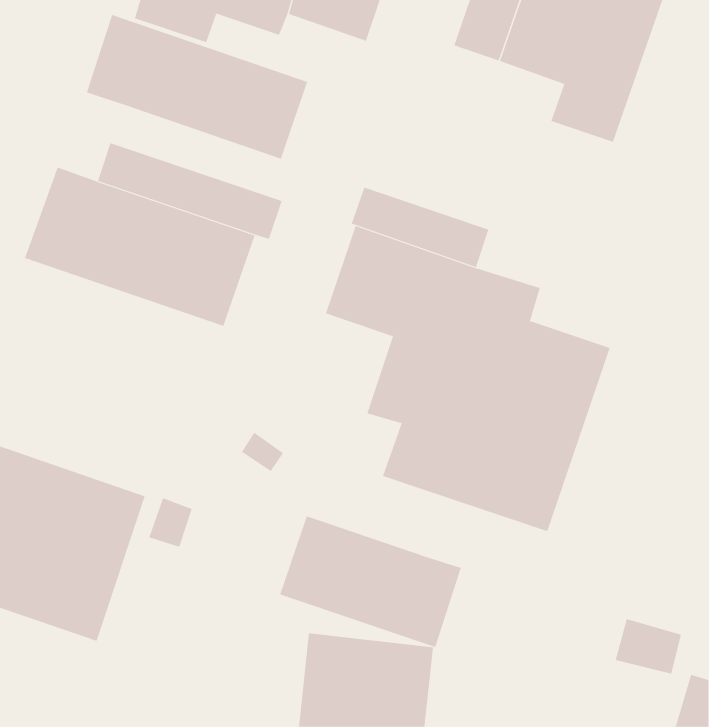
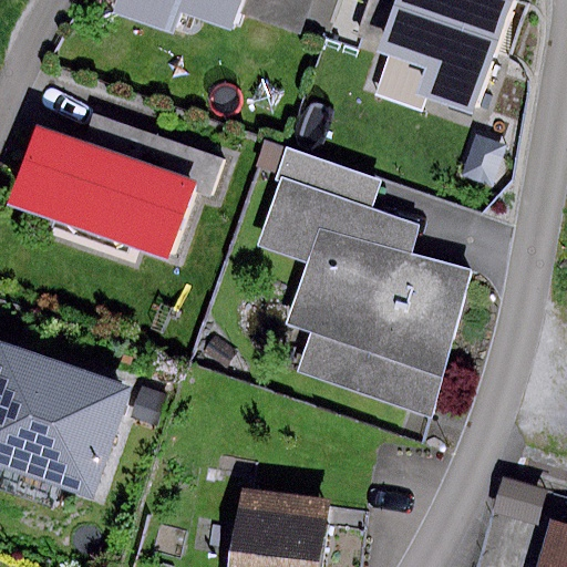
building: [86,14,308,160] -> none
building: [280,515,461,648] -> none

